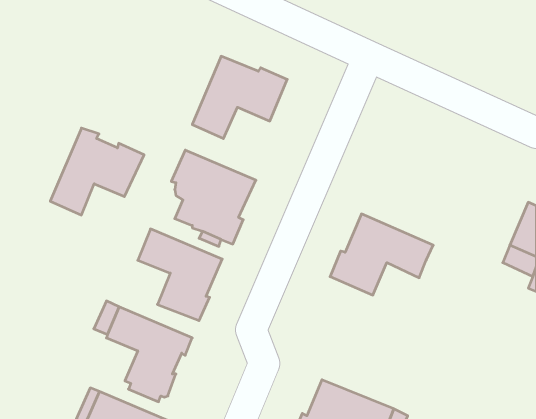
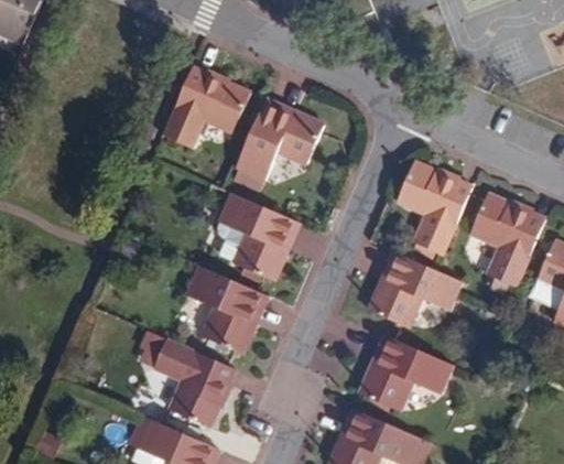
building: none -> [394,162,471,258]
building: [50,128,144,215] -> [163,66,252,149]
building: none -> [468,193,544,290]
building: none -> [361,334,459,411]

